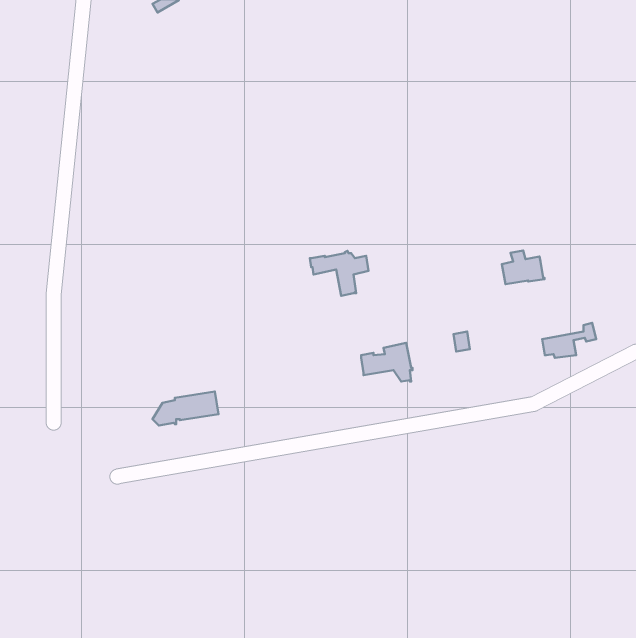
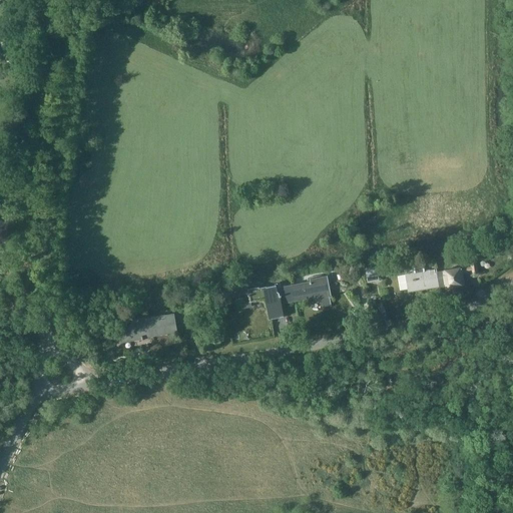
building: [502,250,544,284] -> [404,263,438,290]
building: [310,251,369,296] -> [244,283,292,319]

